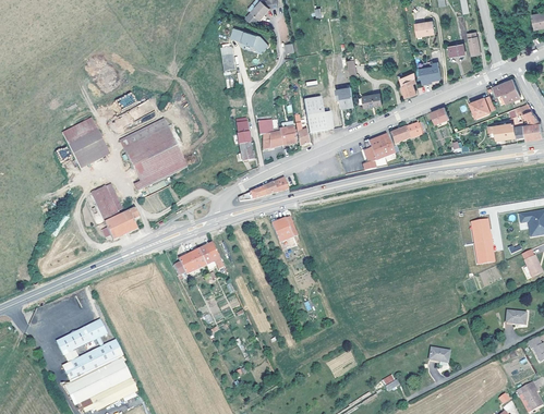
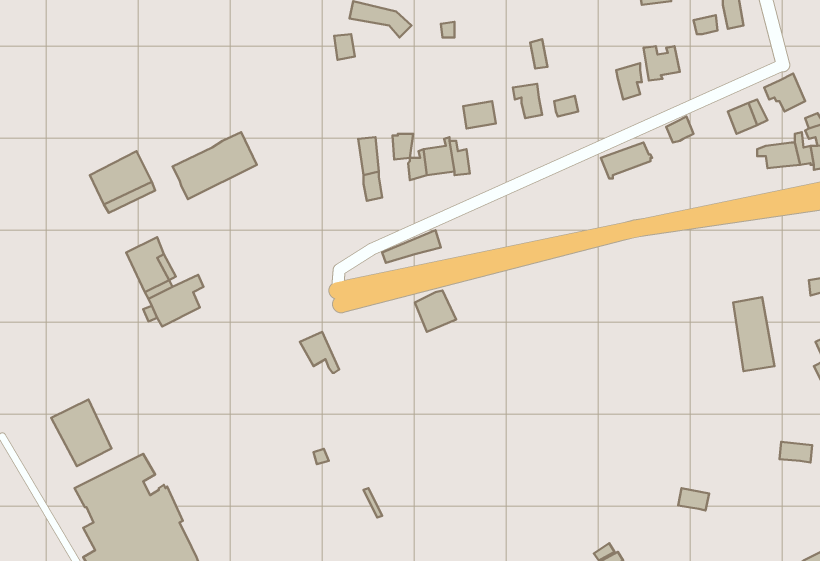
building: [304,110,333,130] -> none
building: [363,134,394,170] -> none
building: [128,136,186,190] -> none
building: [173,248,207,279] -> none
building: none -> [51,400,111,466]

